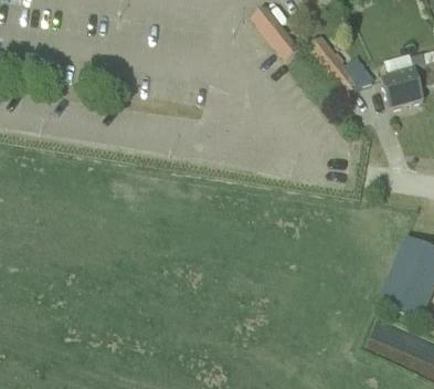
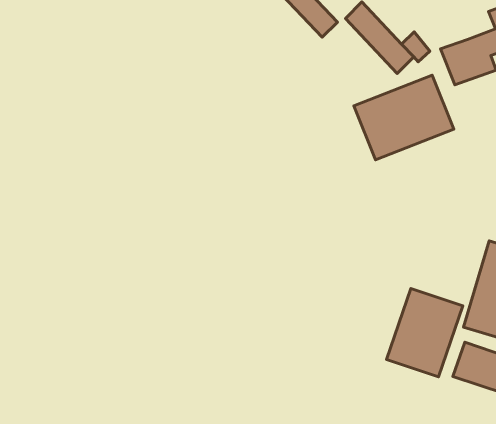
building: none -> [354,75,454,160]
building: none -> [387,289,463,377]

